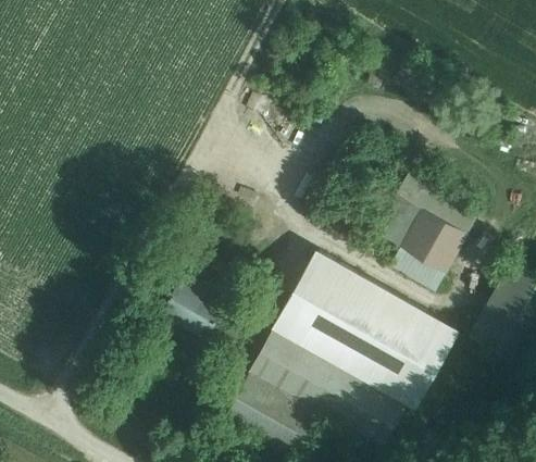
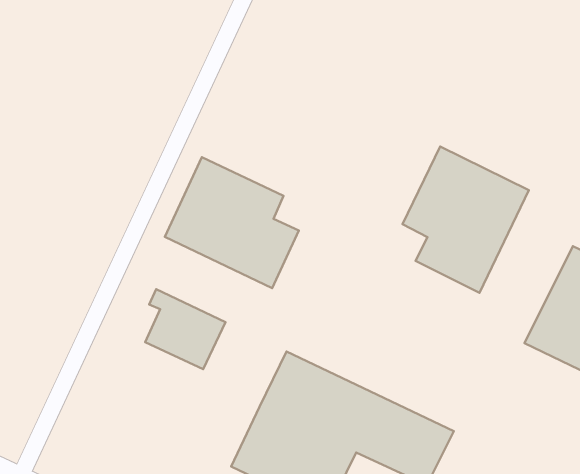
building: none -> [165,157,299,288]
building: [274,250,456,405] -> none

